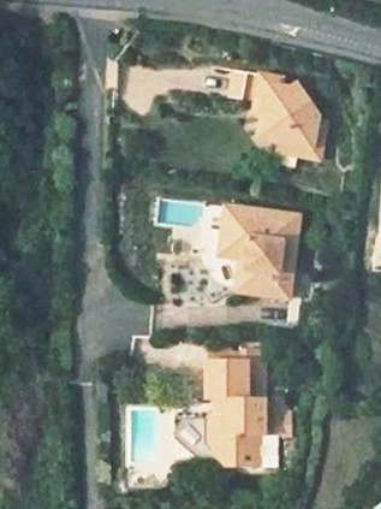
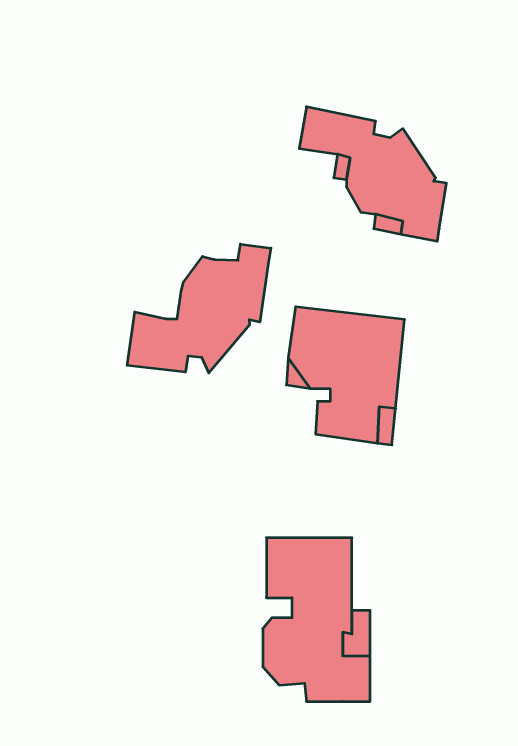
building: none -> [127,244,271,373]

